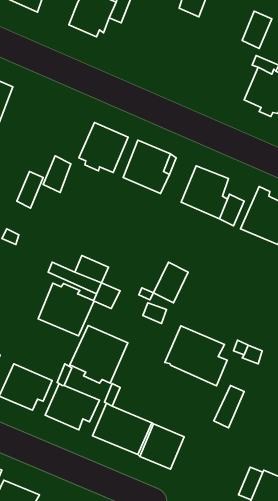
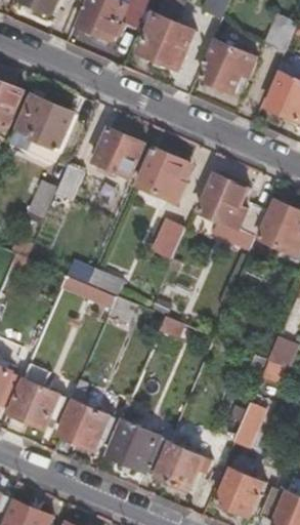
building: none -> [137,12,194,68]
building: none -> [199,39,254,91]
building: none -> [18,95,73,151]
building: [154,262,188,303] -> [145,217,181,259]
building: [38,283,94,336] -> none
building: [70,325,128,383] -> none
building: [165,326,227,386] -> none
building: none -> [218,468,264,515]

